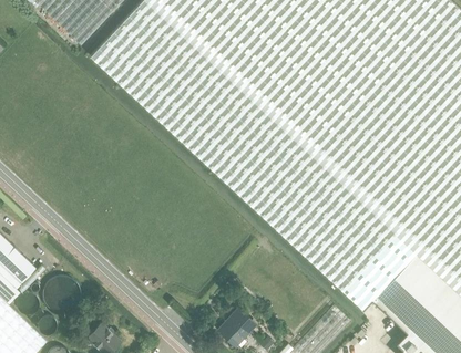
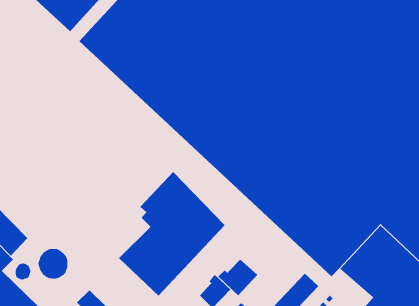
building: none -> [118,171,226,297]
building: none -> [217,259,258,296]

